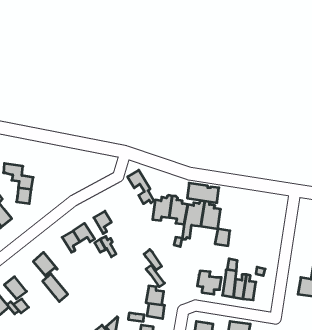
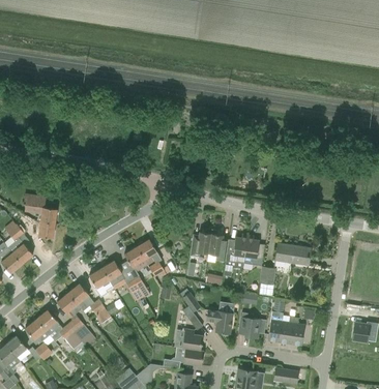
building: [128,170,154,204] -> [137,239,166,276]
building: [187,183,219,203] -> [275,243,311,265]
building: none -> [68,283,111,323]
building: none -> [36,309,82,349]
building: none -> [206,310,233,335]

